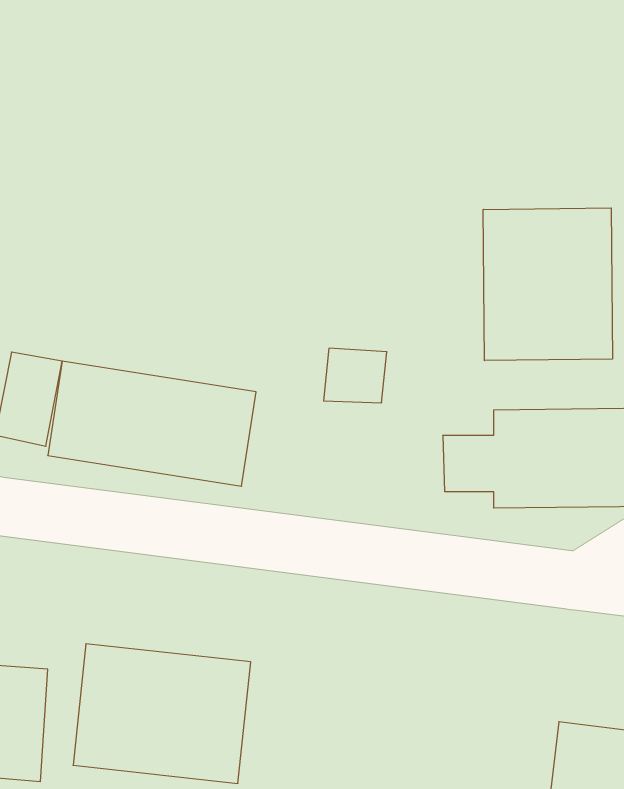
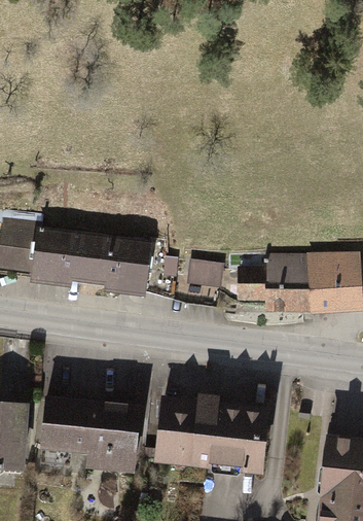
building: [483,208,612,361] -> none
building: [324,348,387,403] -> [190,258,226,289]
building: none -> [152,391,261,465]

